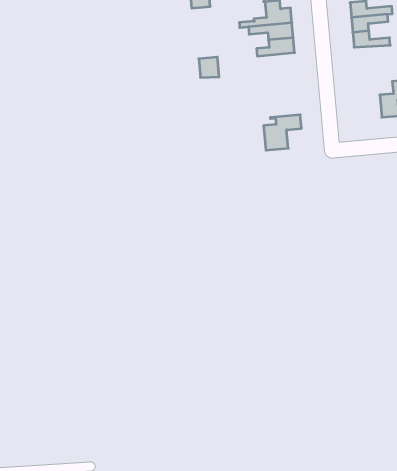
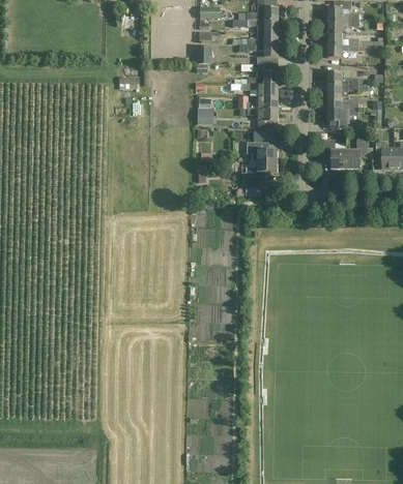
building: none -> [328,108,358,126]
building: none -> [248,108,279,126]
building: none -> [325,139,346,168]
building: none -> [248,141,279,159]

